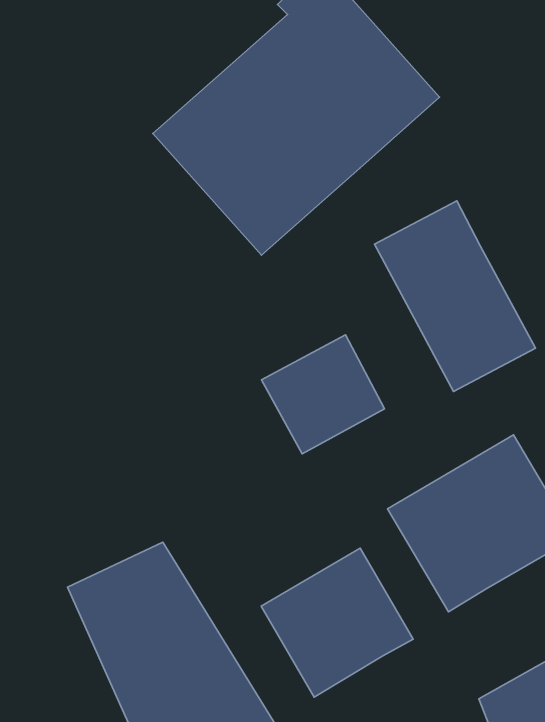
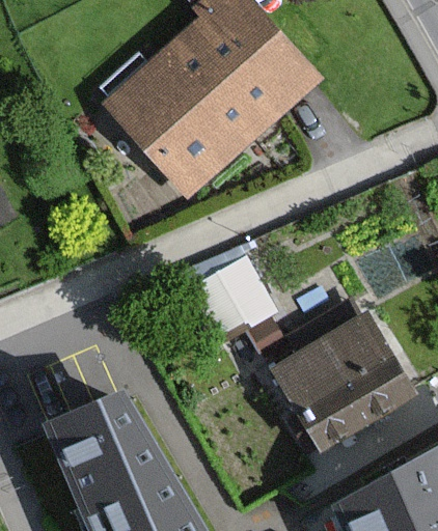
building: [375,201,536,392] -> none
building: [261,548,413,697] -> none

